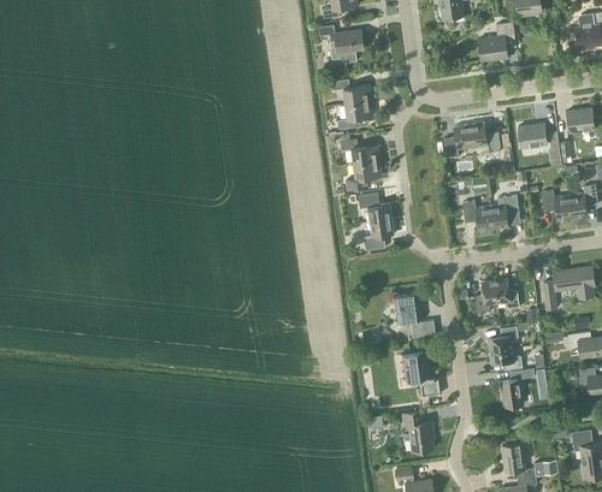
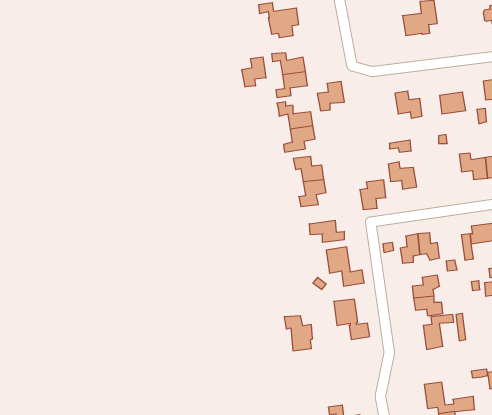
building: none -> [242,57,266,87]
building: [443,124,473,156] -> [317,81,344,111]
building: [490,195,519,227] -> [360,180,386,209]
building: none -> [309,220,344,242]
building: [402,411,433,450] -> [284,316,313,351]

